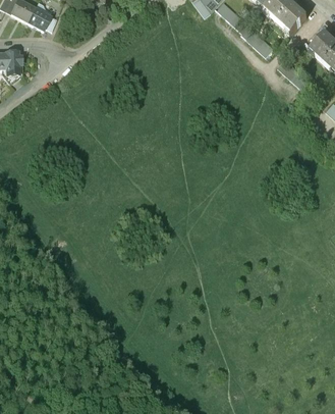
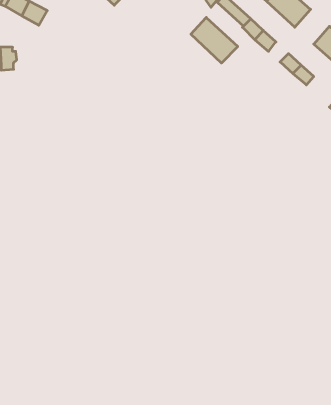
building: none -> [191,17,238,63]

